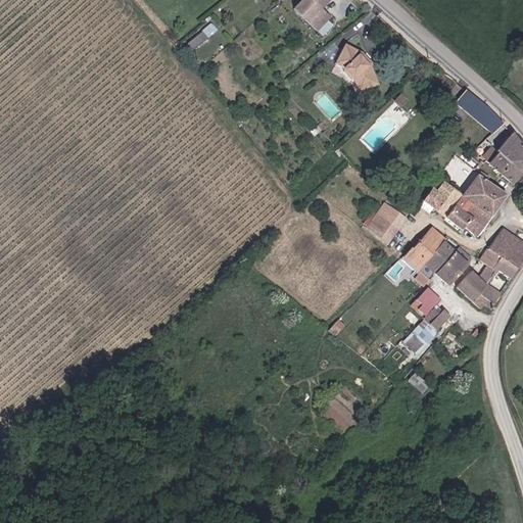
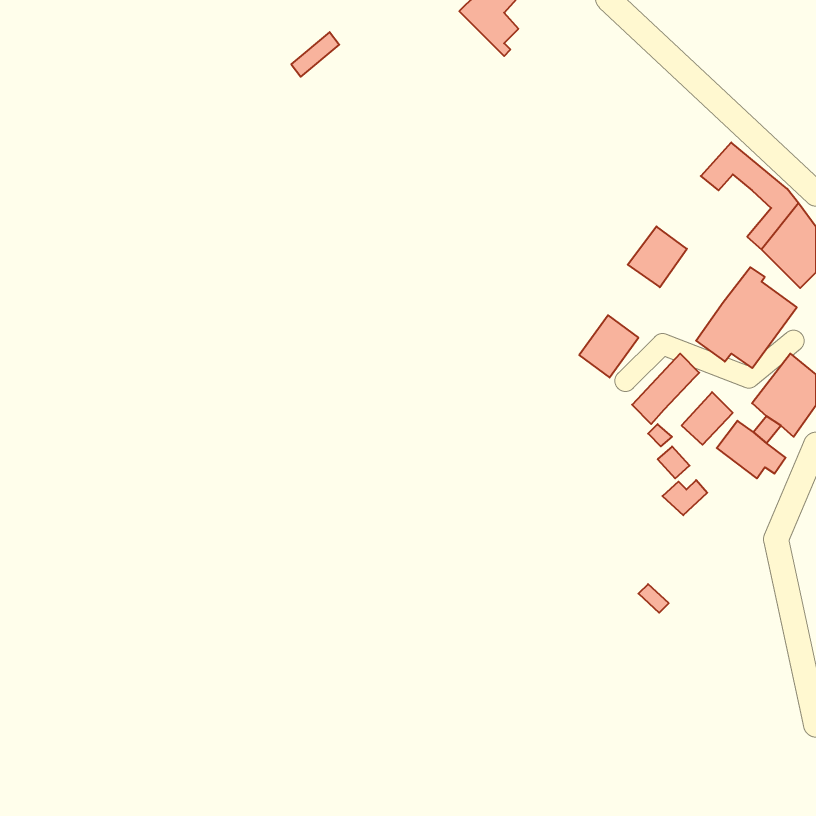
building: [336,43,378,89] -> none
building: [424,179,462,218] -> [628,226,687,287]
building: [424,241,455,272] -> none
building: [402,319,435,353] -> none

